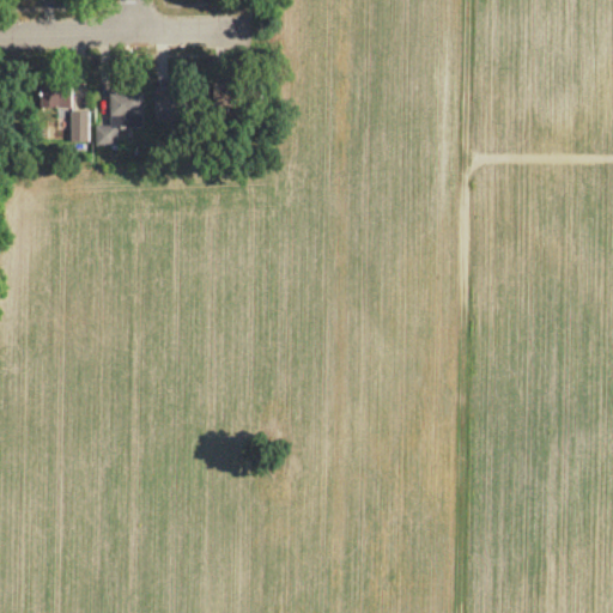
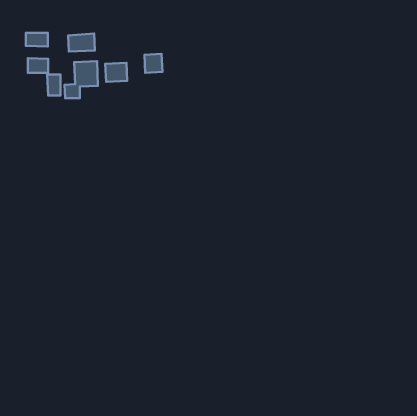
building: none -> [26,33,48,47]
building: none -> [68,34,95,51]

